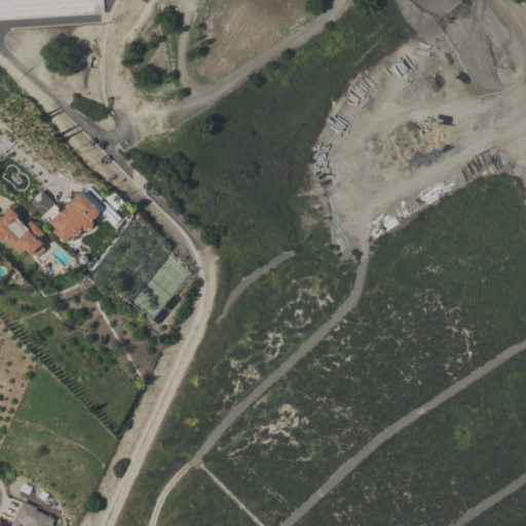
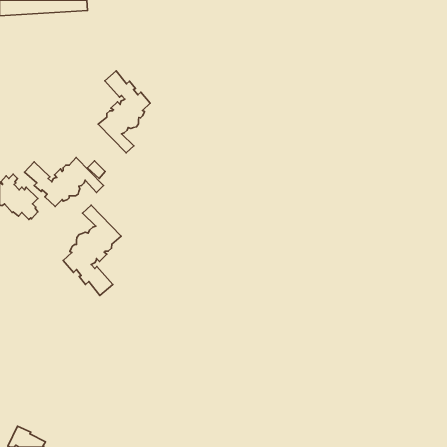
building: none -> [98,71,150,153]
building: none -> [63,205,121,296]

